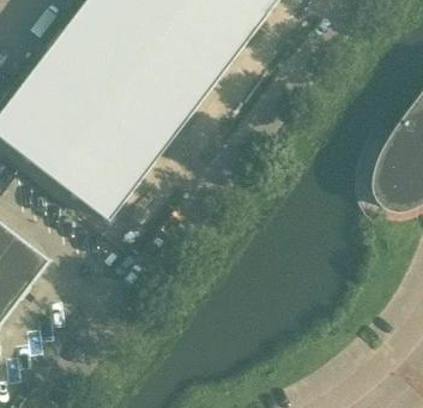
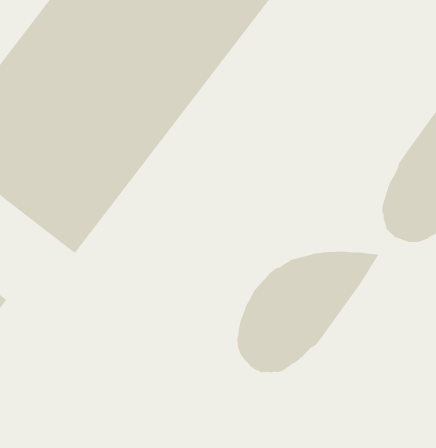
building: none -> [237,251,379,373]

